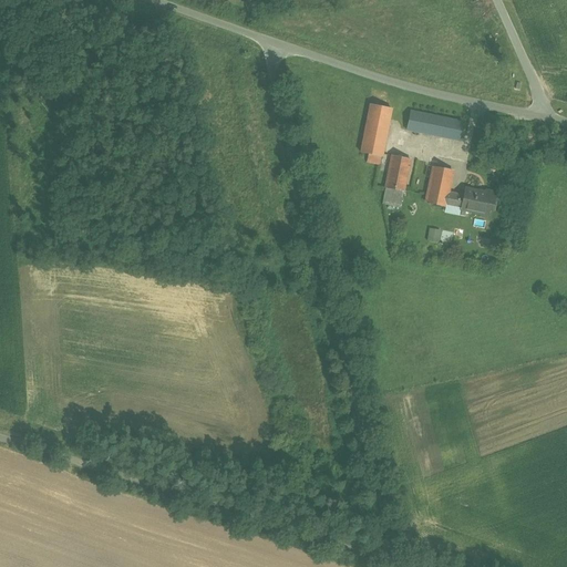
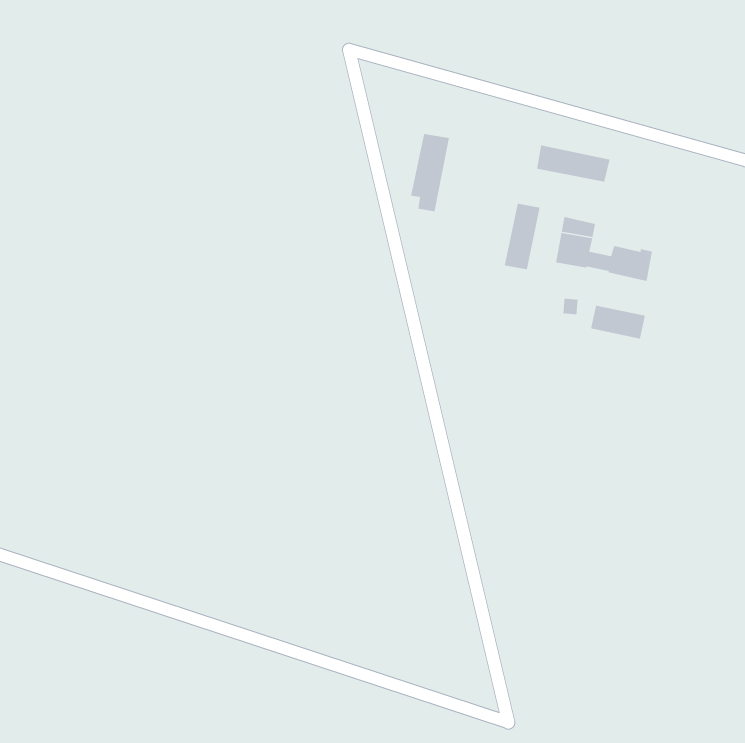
building: [362,103,392,163] -> [410,133,450,212]
building: none -> [590,305,646,339]

